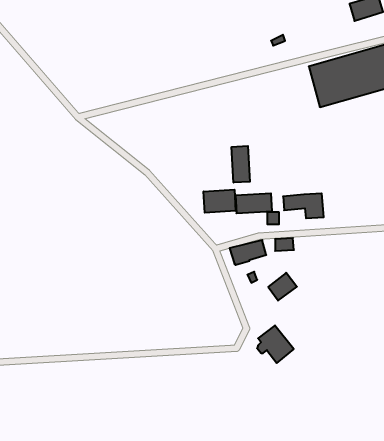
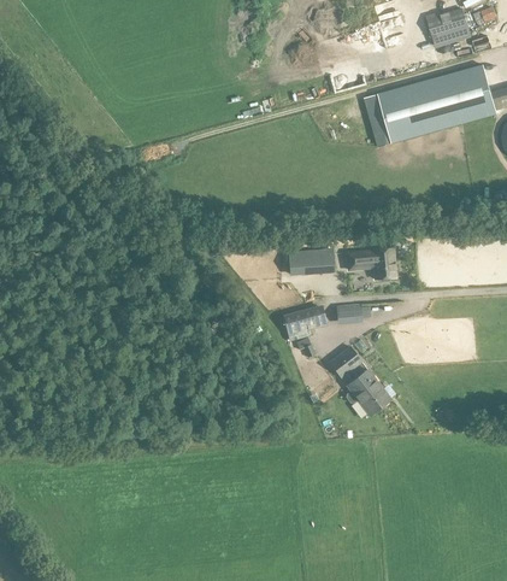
building: [232,146,250,183] -> none
building: [204,190,236,213] -> none
building: [257,325,294,363] -> [343,369,388,415]

